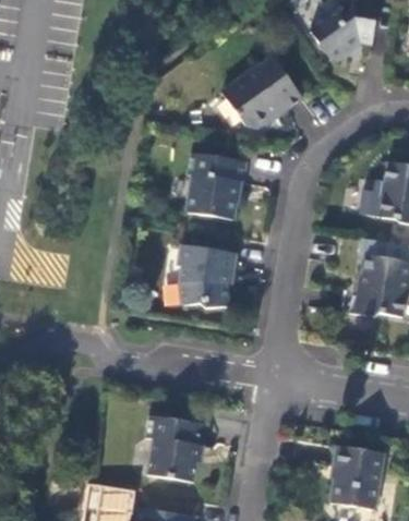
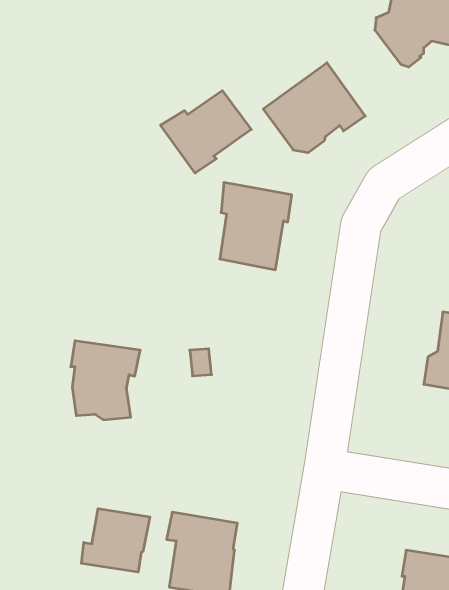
building: none -> [161,91,251,173]
building: [180,245,236,308] -> [71,341,140,420]
building: none -> [81,509,150,572]

